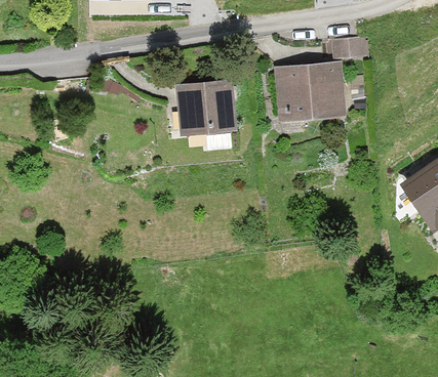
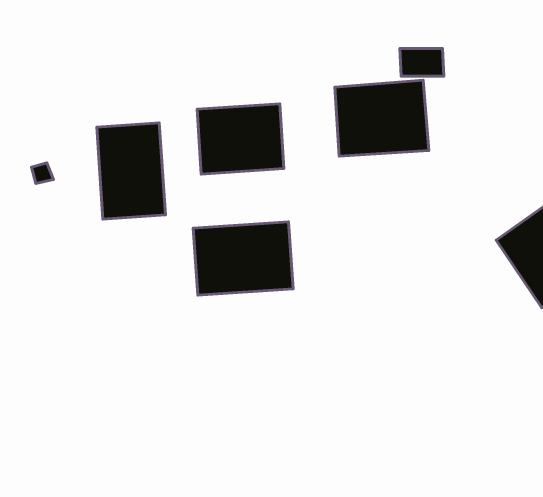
building: none -> [97,123,165,219]
building: none -> [193,222,293,295]

